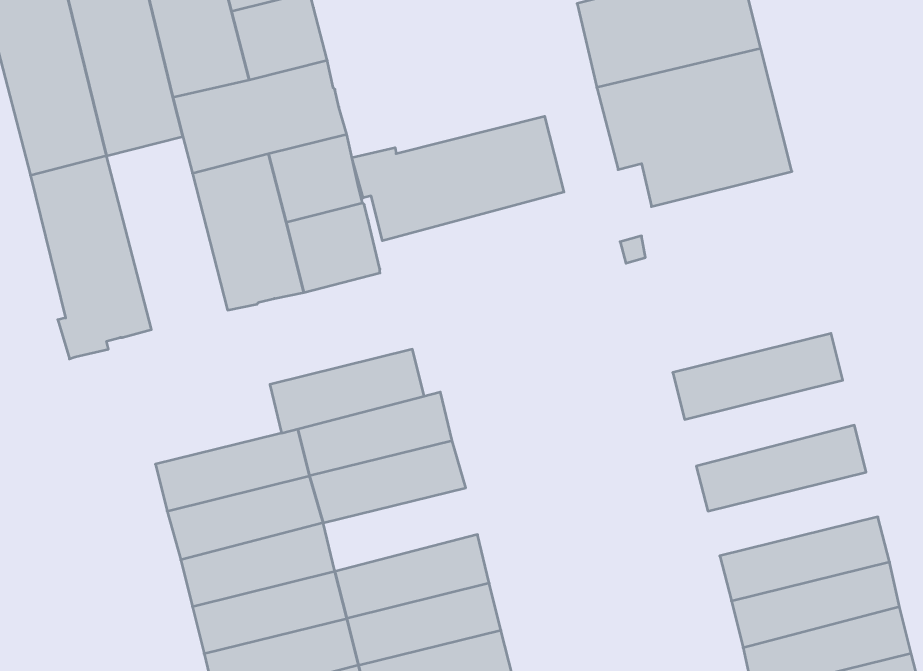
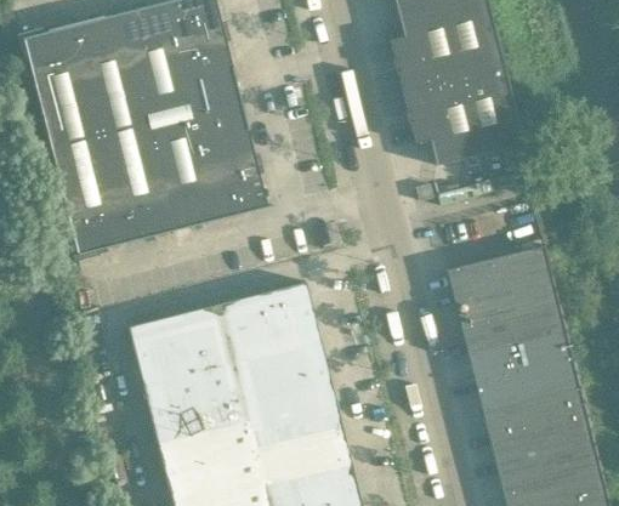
building: [352,116,564,241] -> none
building: none -> [96,123,171,243]
building: [270,349,424,433] -> [231,341,326,393]
building: none -> [455,274,561,328]
building: none -> [470,331,575,383]

